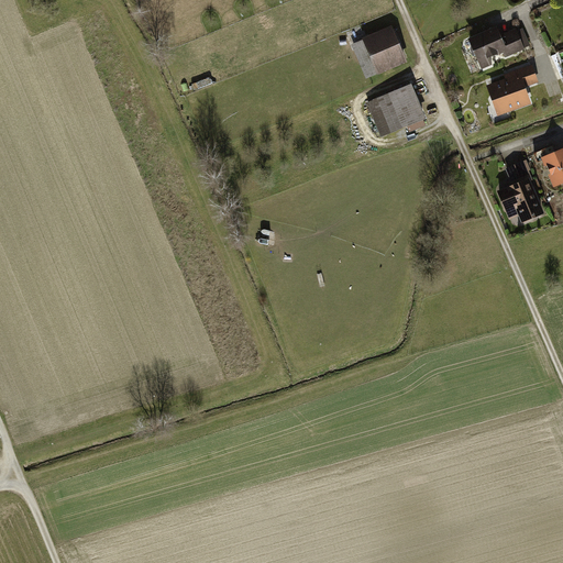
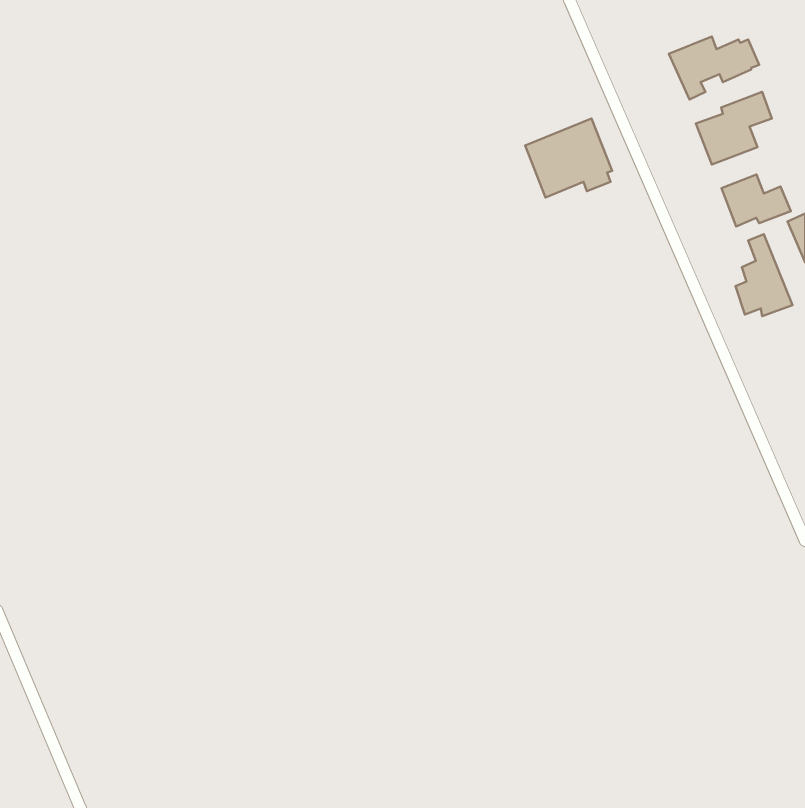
building: [350,24,406,78] -> none
building: none -> [721,174,791,226]

